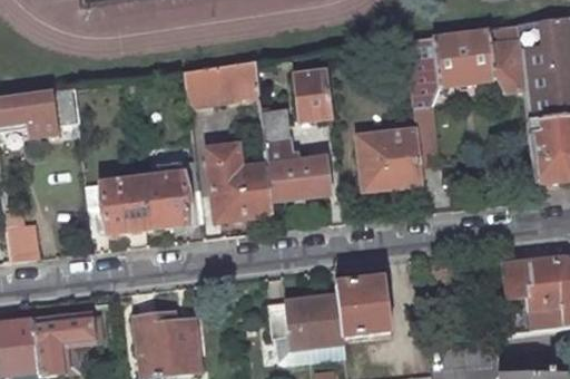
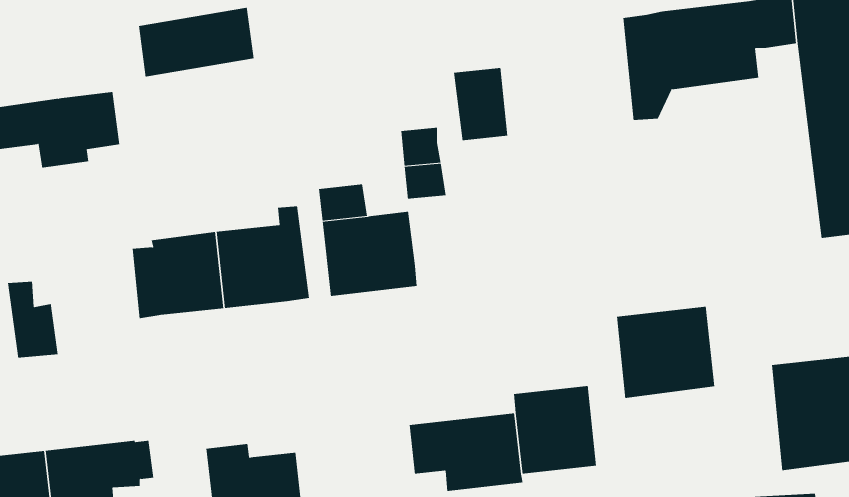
building: [185,60,261,106] -> [138,7,254,77]
building: [358,130,423,191] -> [616,306,715,399]
building: [268,158,330,201] -> none

